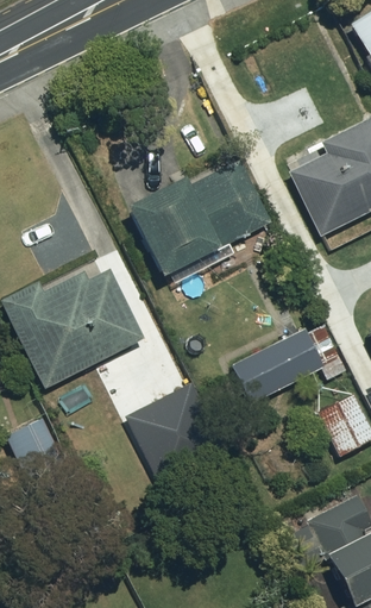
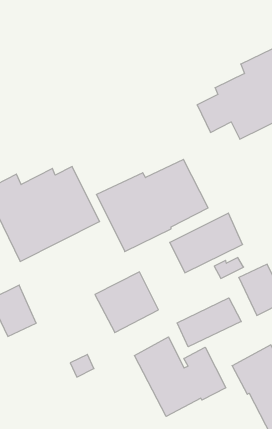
building: [131,159,271,275] -> [96,159,208,252]
building: none -> [177,298,241,347]
building: none -> [134,337,226,416]

